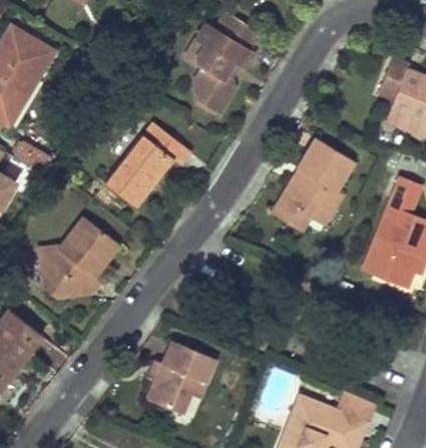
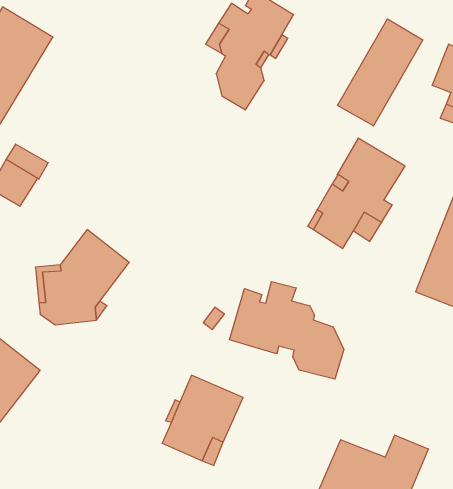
building: none -> [337,19,423,126]
building: [104,121,191,207] -> none
building: none -> [230,282,344,379]

